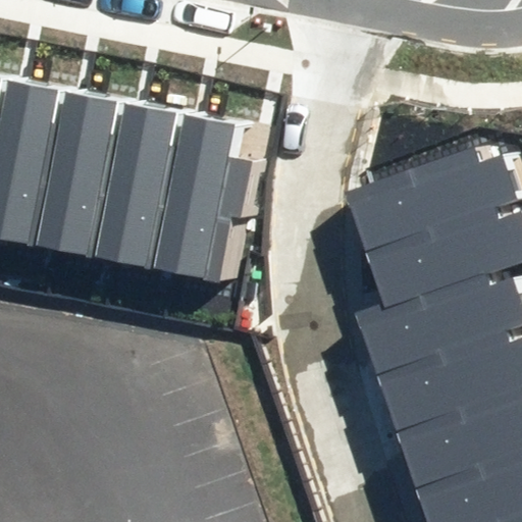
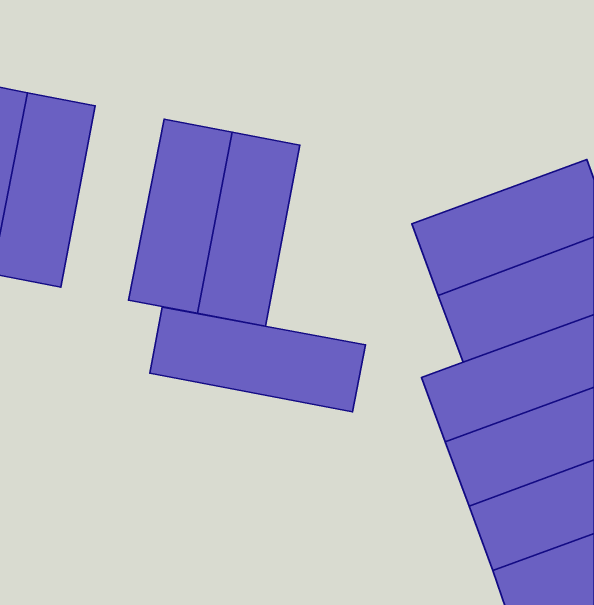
building: [52,94,141,260] -> none
building: none -> [150,307,366,412]

